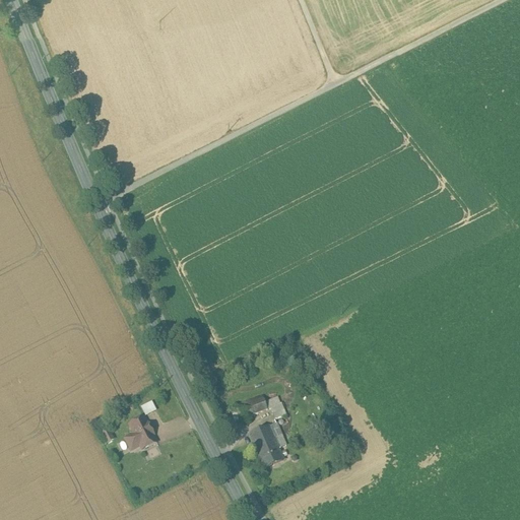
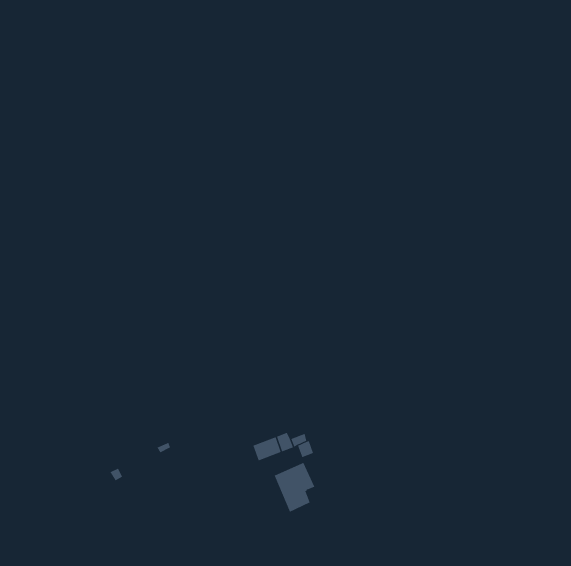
building: [125,415,156,448] -> none

